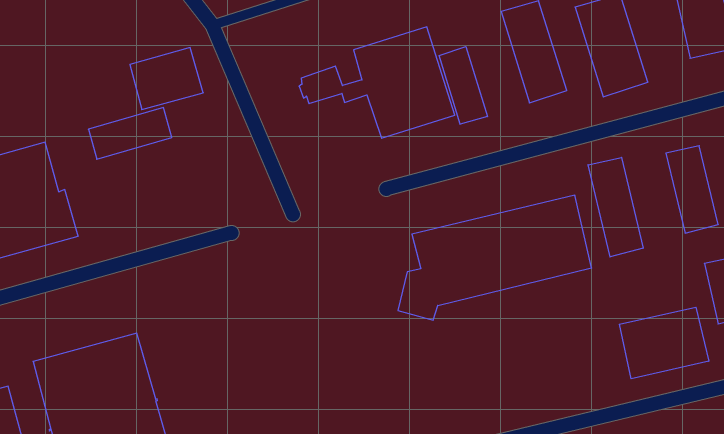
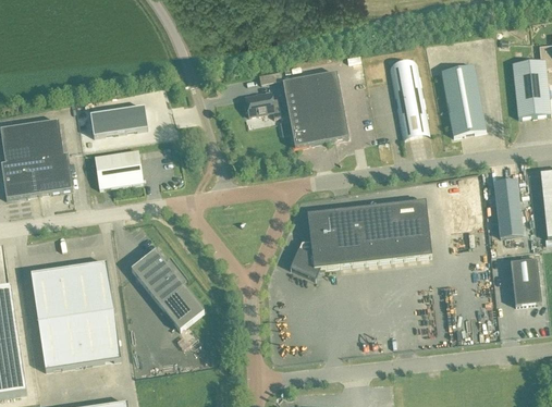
building: [439,47,487,124] -> none
building: [130,48,203,110] -> [94,148,143,187]
building: [588,157,643,257] -> none
building: [619,307,709,379] -> none
building: none -> [131,248,204,329]

